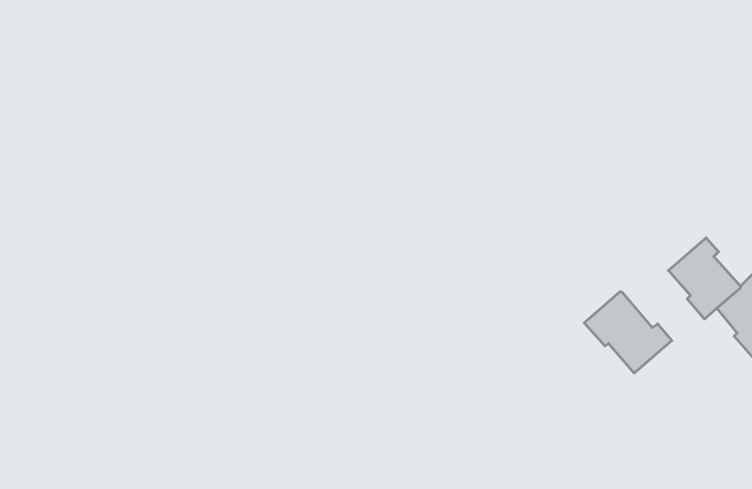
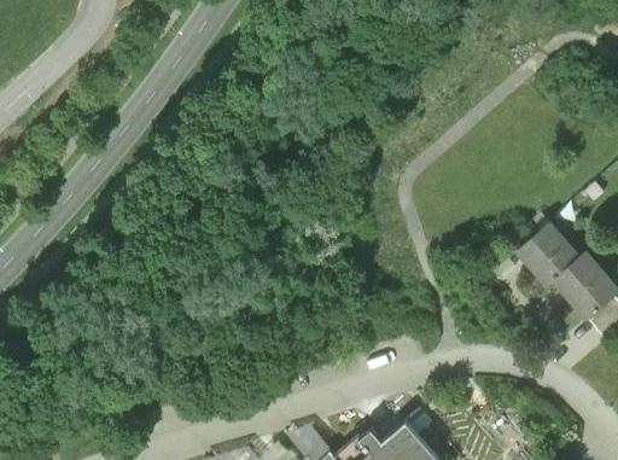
building: [584,292,672,373] -> none

